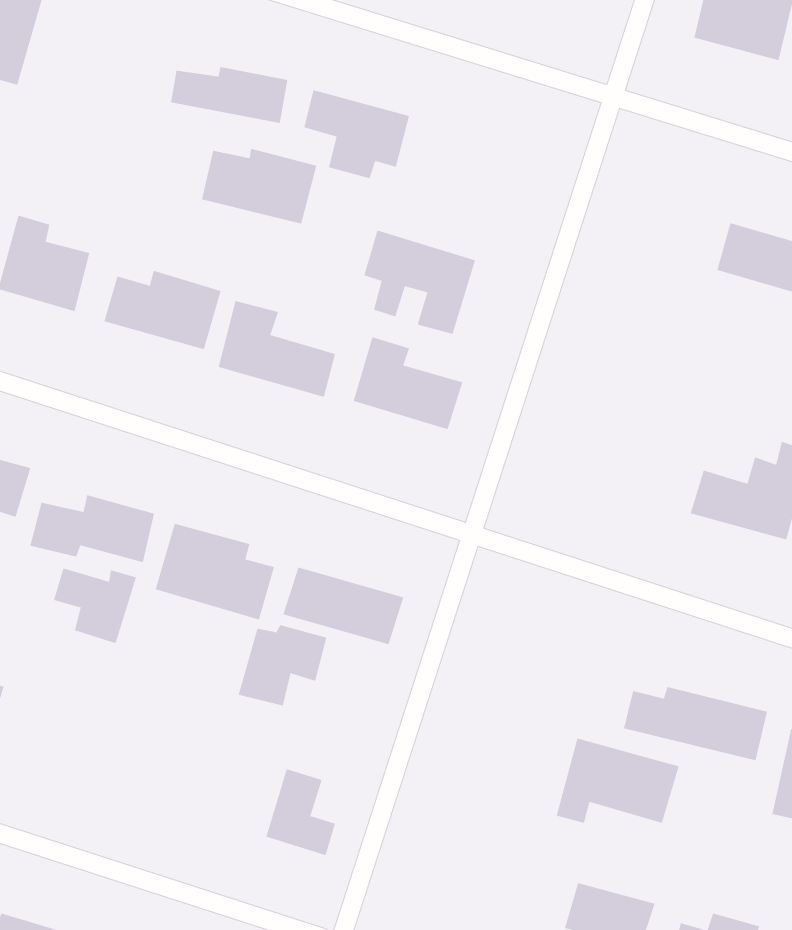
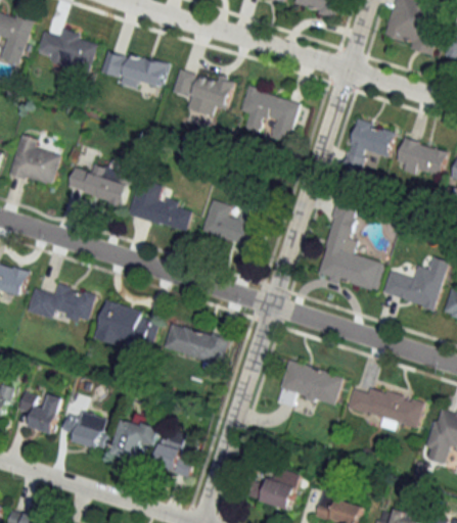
building: [201,148,317,224] -> [35,32,97,73]
building: none -> [342,121,393,175]
building: [364,230,476,334] -> [239,87,300,143]
building: none -> [316,200,384,292]
building: [53,568,137,644] -> [17,394,62,435]
building: [238,624,327,706] -> [111,418,159,462]
building: none -> [62,410,109,449]
building: [556,738,680,823] -> [276,361,342,407]
building: none -> [250,468,298,510]

